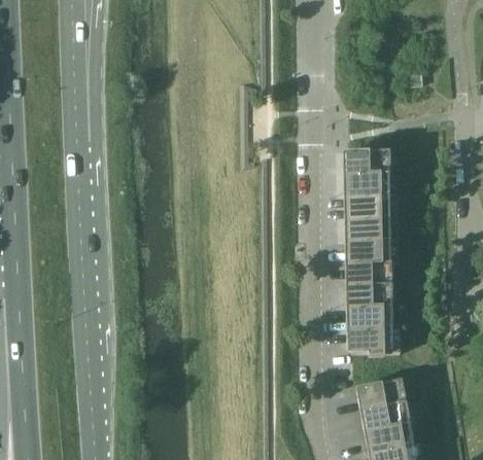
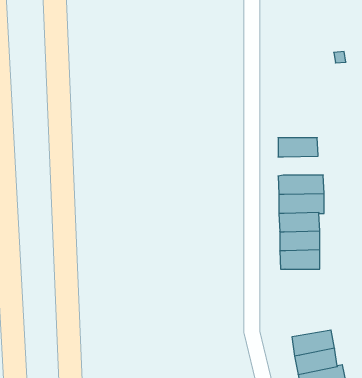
building: [344,149,391,173] -> none
building: [345,193,399,218] -> none
building: [348,326,402,355] -> none
building: [356,378,408,409] -> none

